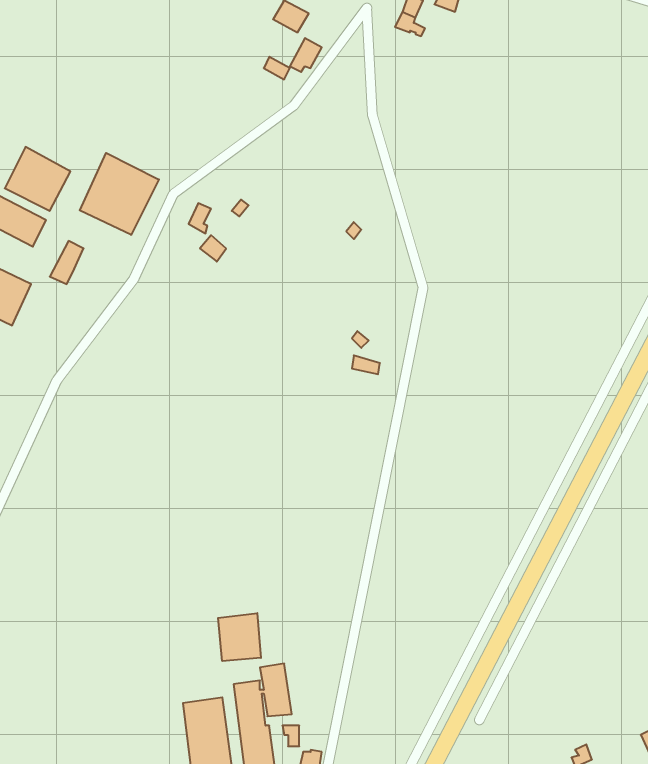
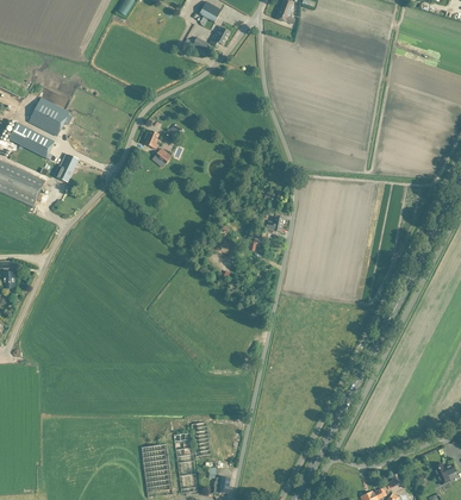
building: [80,153,159,235] -> none
building: [218,613,261,661] -> none

